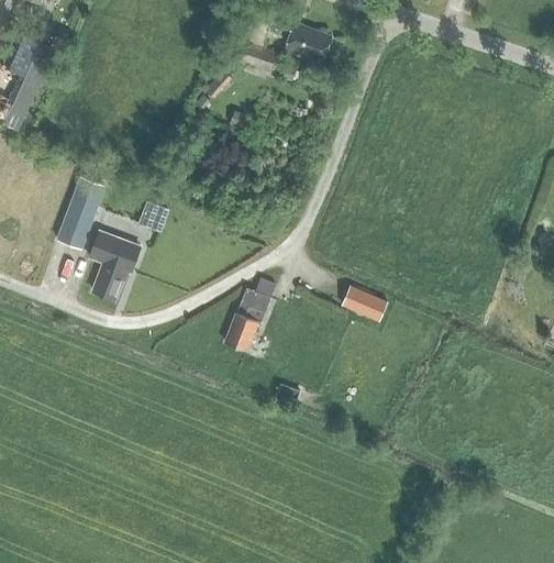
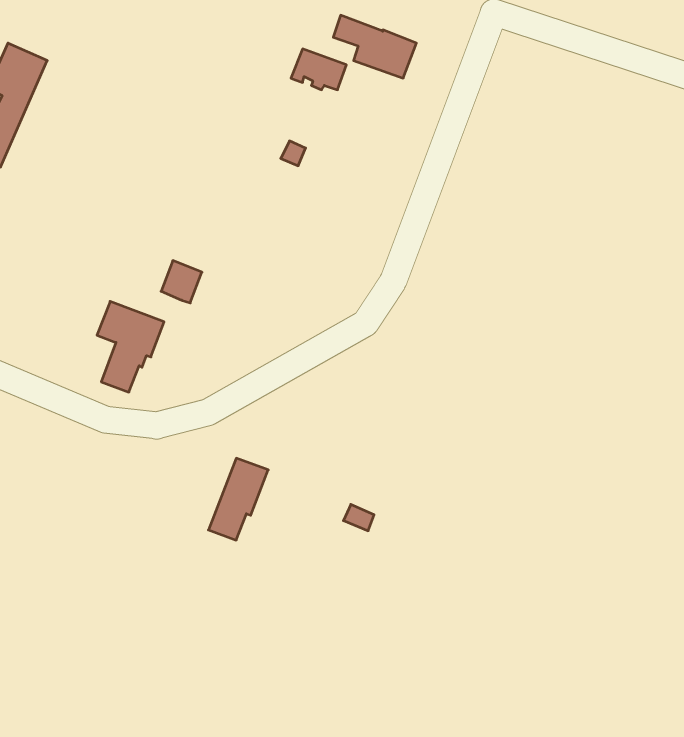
building: [57,175,107,249] -> none
building: [342,286,386,320] -> none
building: [225,288,270,350] -> [208,458,268,540]

